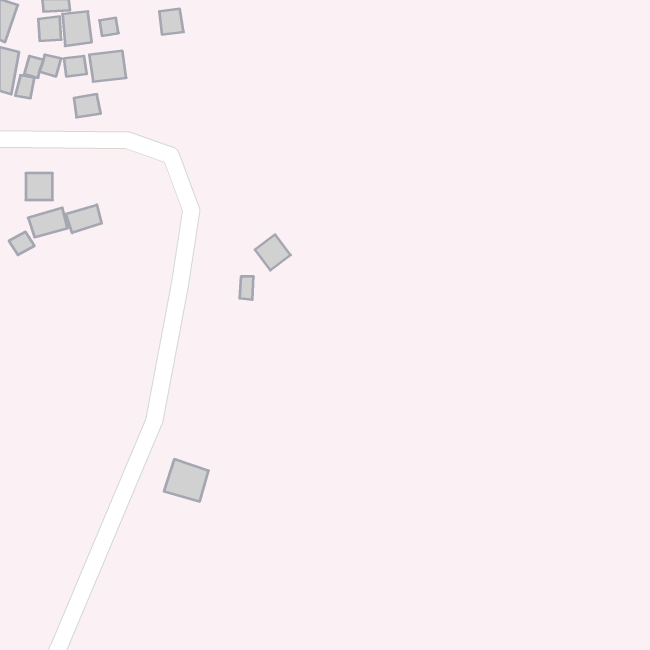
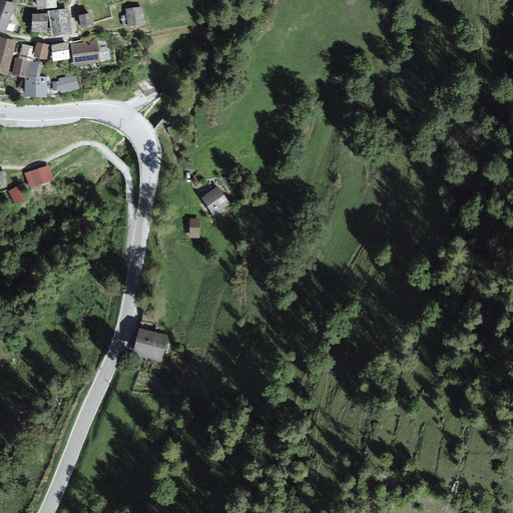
building: [26,173,53,200] -> [24,77,45,98]
building: [66,205,102,233] -> none
building: [164,459,209,501] -> [131,326,166,359]

